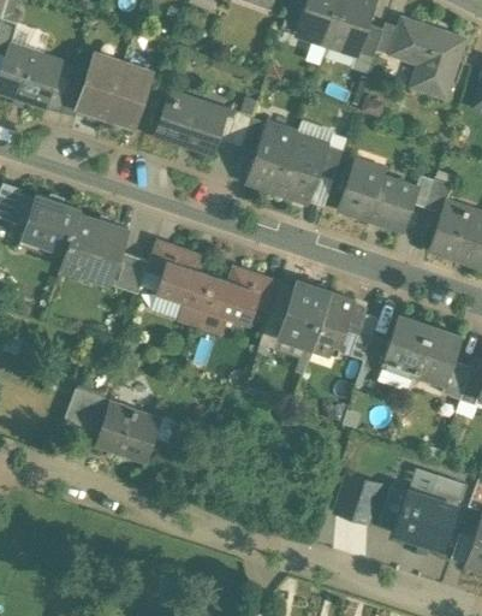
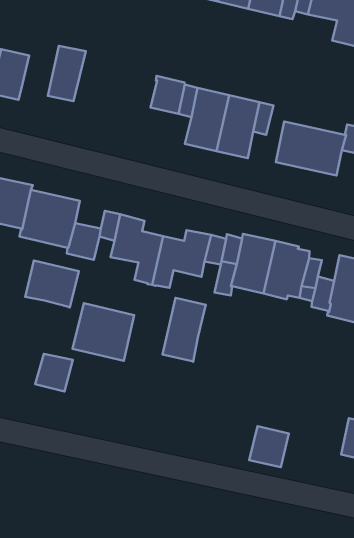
building: [79,54,124,116] -> none
building: [161,94,224,155] -> none
building: none -> [25,261,79,307]
building: none -> [163,298,206,362]
building: [94,399,162,464] -> [72,303,134,361]
building: [337,476,381,522] -> [249,426,289,467]

